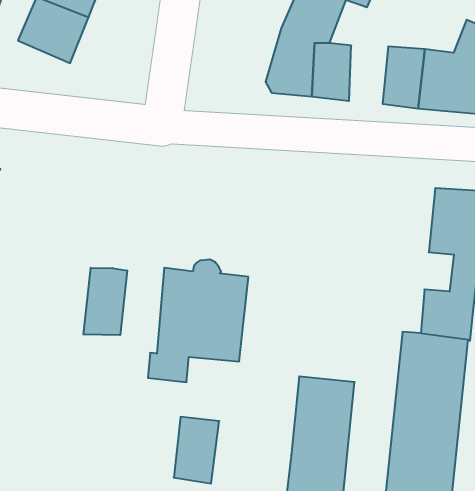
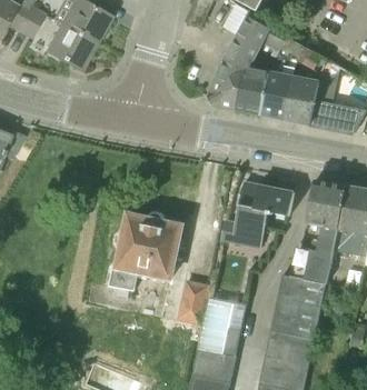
building: none -> [264,79,294,120]
building: none -> [221,182,295,247]
building: [83,268,127,335] -> none
building: [174,417,219,484] -> [176,278,210,324]

